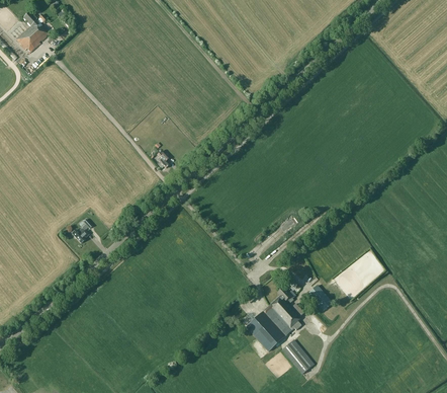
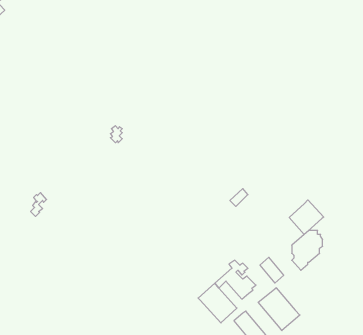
building: none -> [289,200,324,234]
building: none -> [258,288,300,331]

